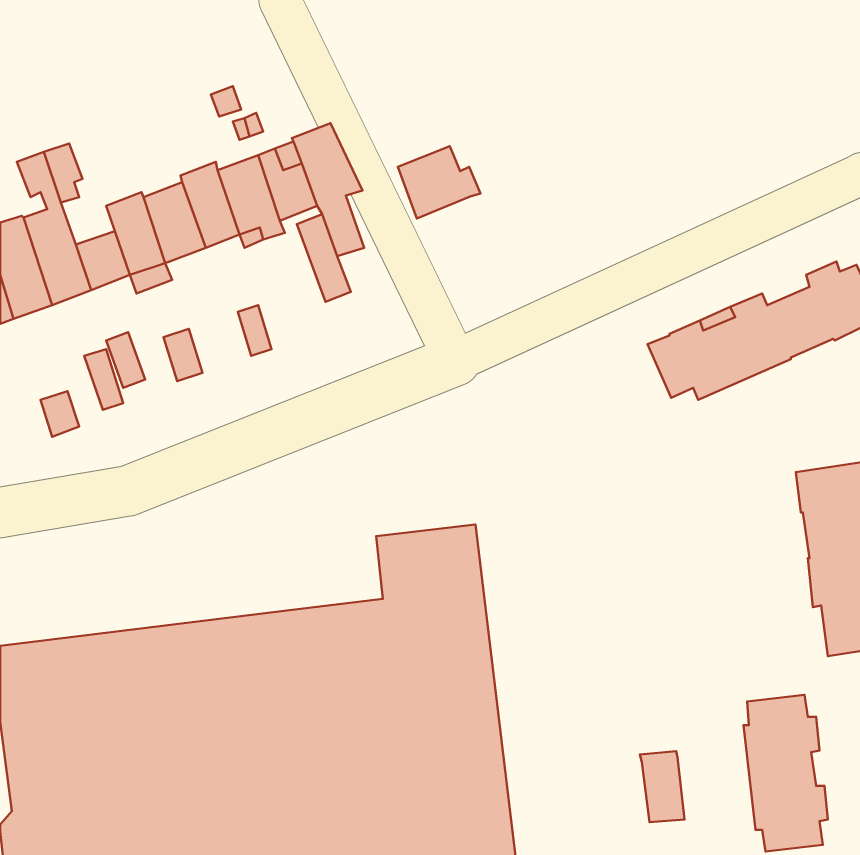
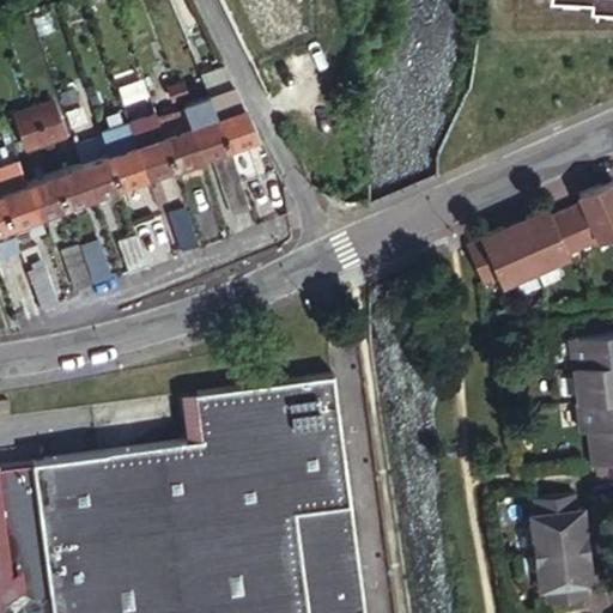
building: [398,146,481,218] -> none
building: none -> [200,386,273,438]
building: [640,751,685,822] -> none

